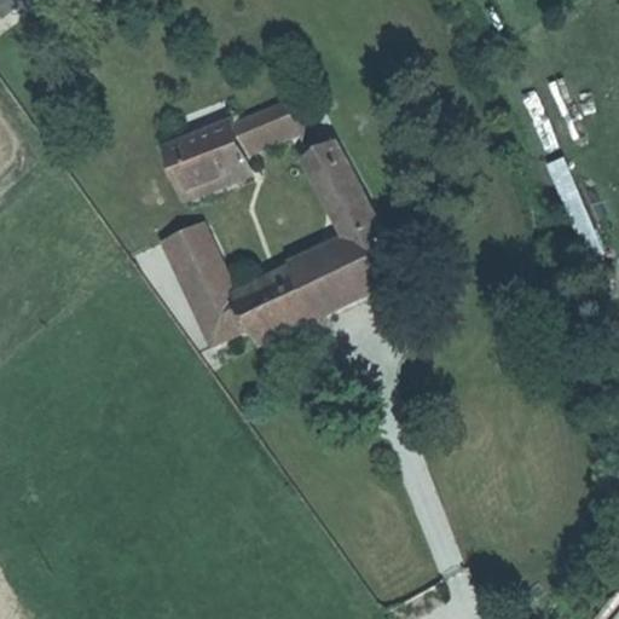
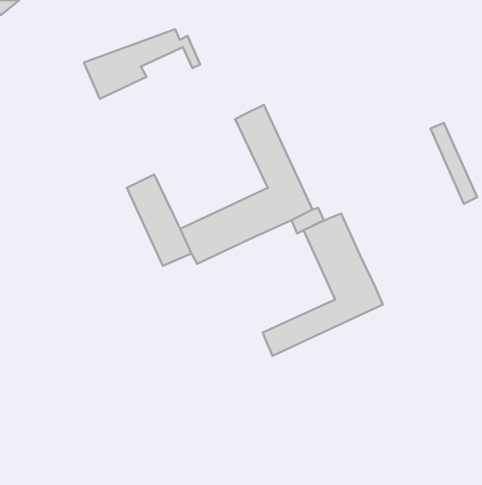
building: [161,104,308,192] -> [84,29,200,99]
building: none -> [263,213,383,356]

